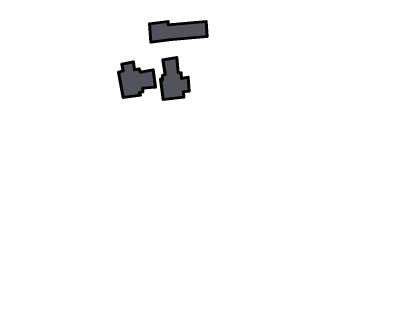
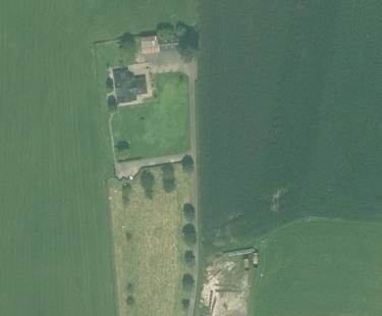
building: [160,58,189,99] -> none

